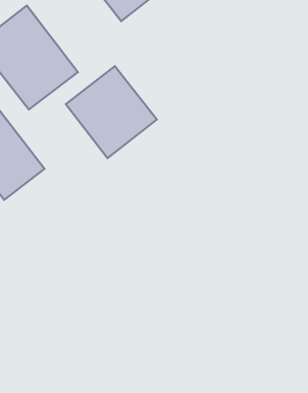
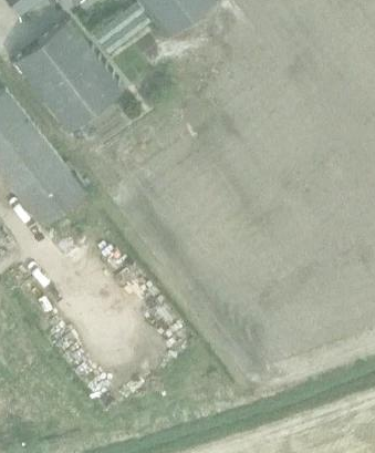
building: [66,66,157,158] -> none

